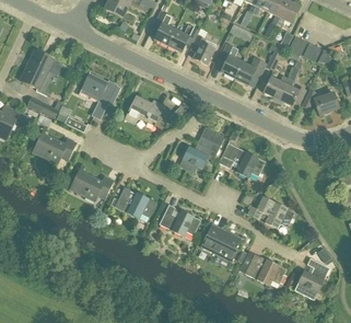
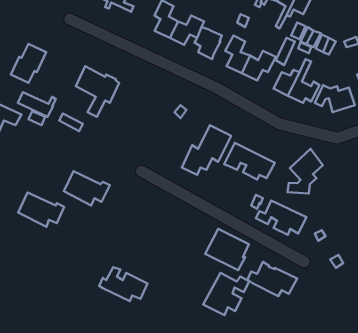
building: [126,95,165,123] -> none
building: [33,131,75,163] -> [18,193,64,227]
building: none -> [288,149,323,194]
building: [112,186,156,218] -> [99,267,147,301]
building: [160,204,201,234] -> none
building: [294,257,330,299] -> none
building: none -> [203,273,249,315]

